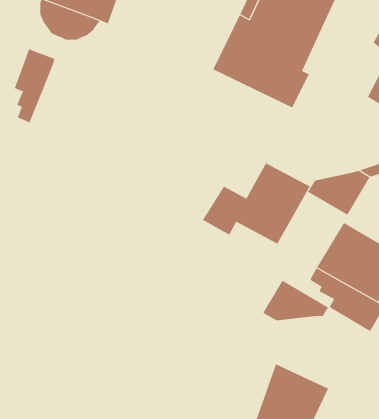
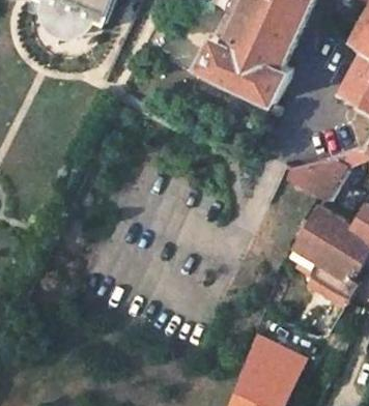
building: [14,49,55,123] -> none
building: [202,162,310,244] -> none
building: [263,280,329,321] -> none

